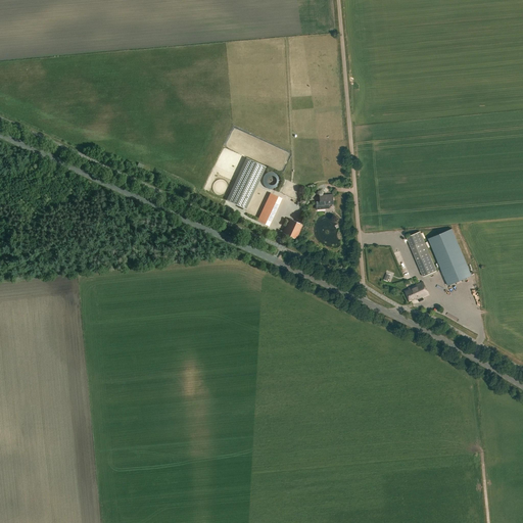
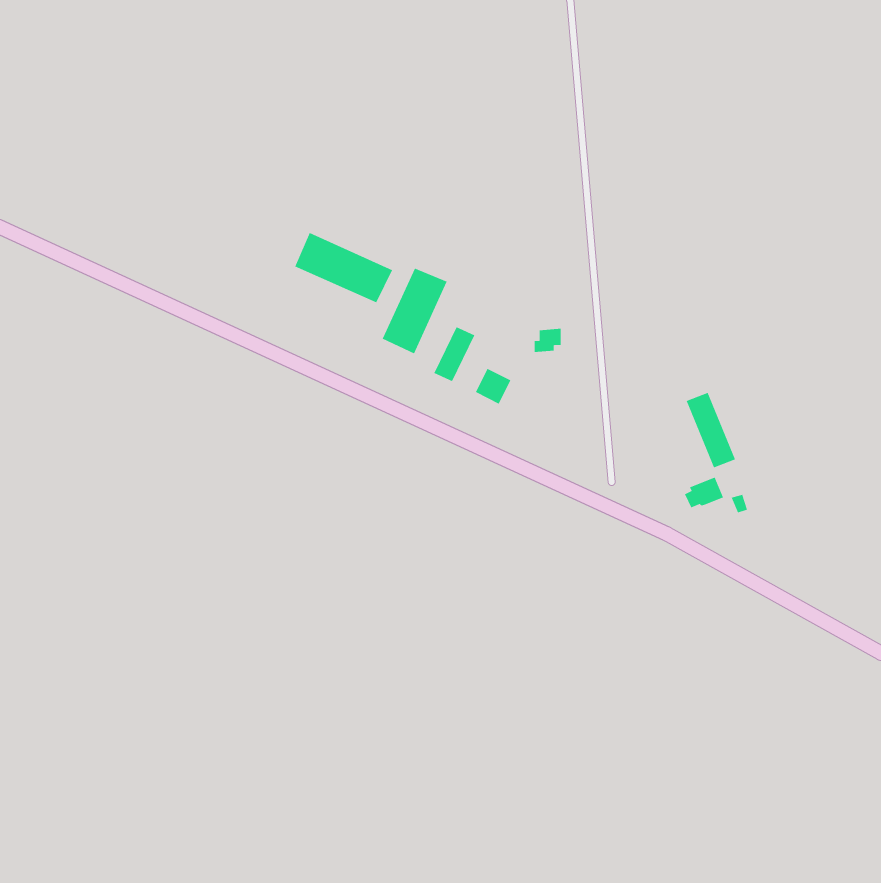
building: none -> [295,232,393,303]
building: [427,229,471,286] -> none

